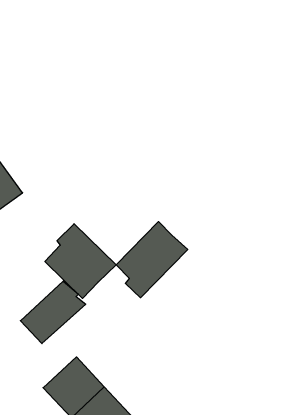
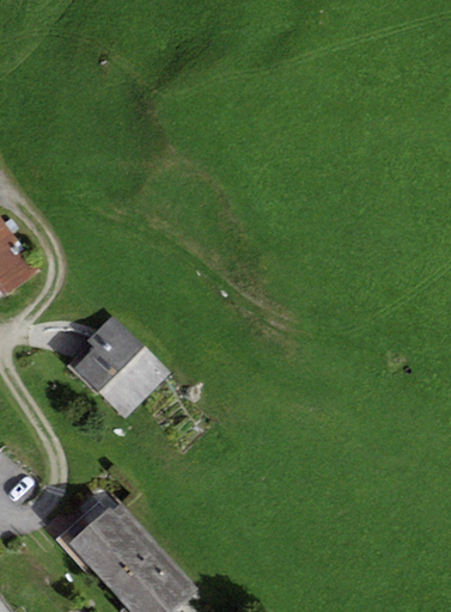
building: [116,222,188,298] -> none
building: [20,281,86,344] -> none

